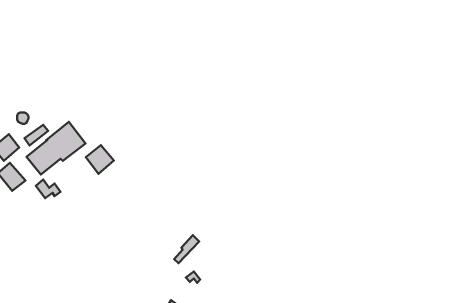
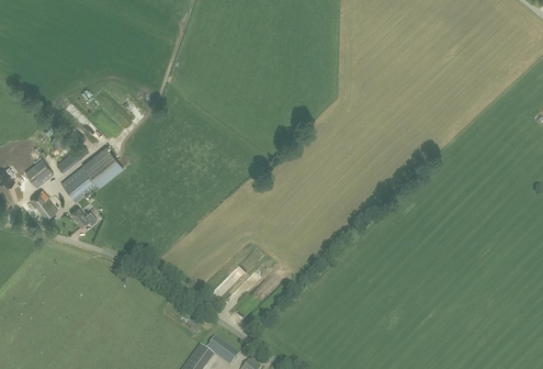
building: [86,145,114,174] -> none

